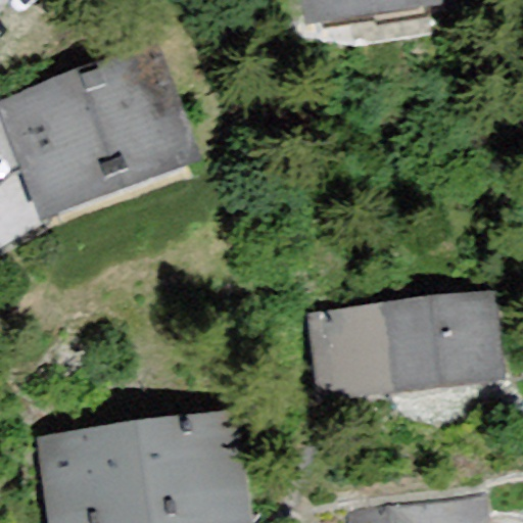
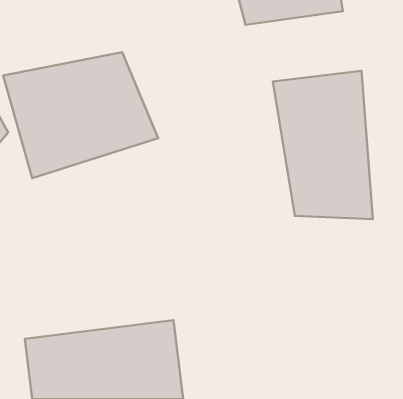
building: none -> [273,71,373,219]
building: [313,303,503,395] -> none

